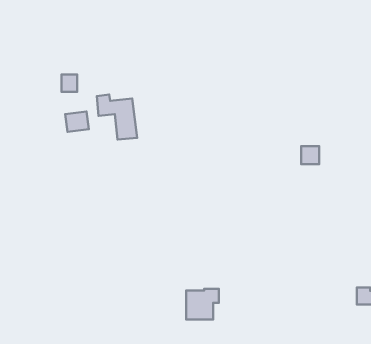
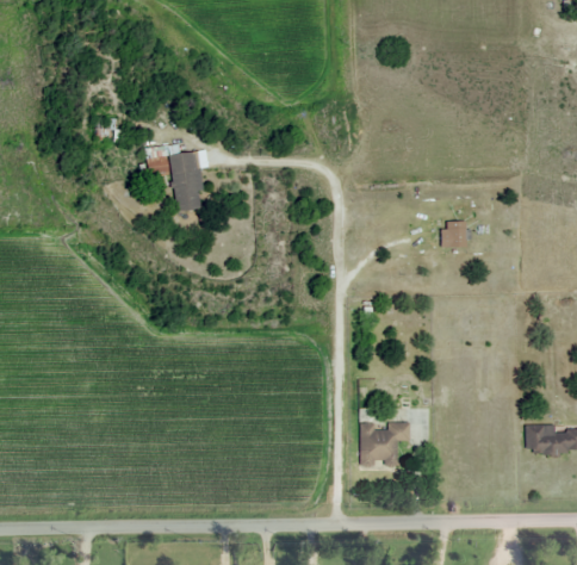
building: [65,112,89,132] -> none
building: [186,289,219,319] -> [361,422,409,466]

